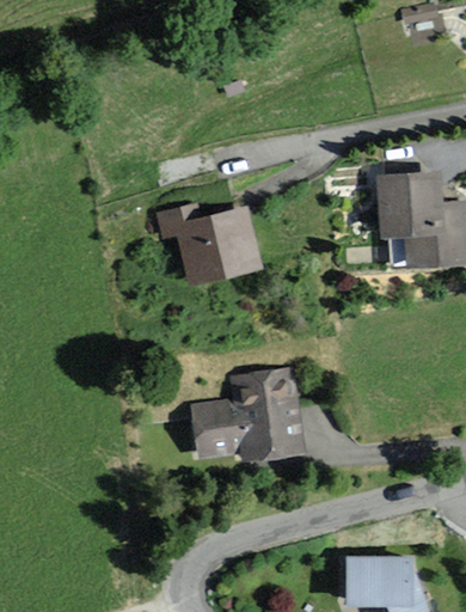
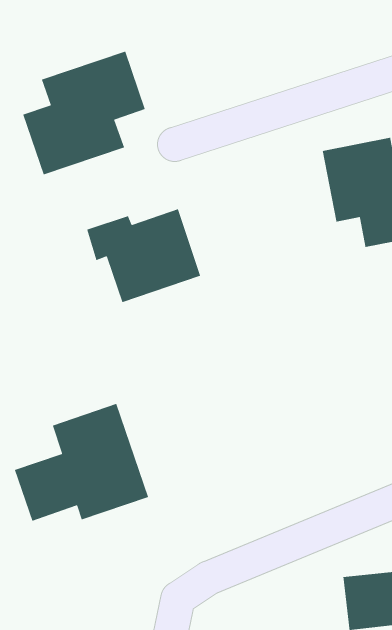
building: none -> [22,50,146,175]
building: [188,363,305,464] -> [14,403,149,522]

